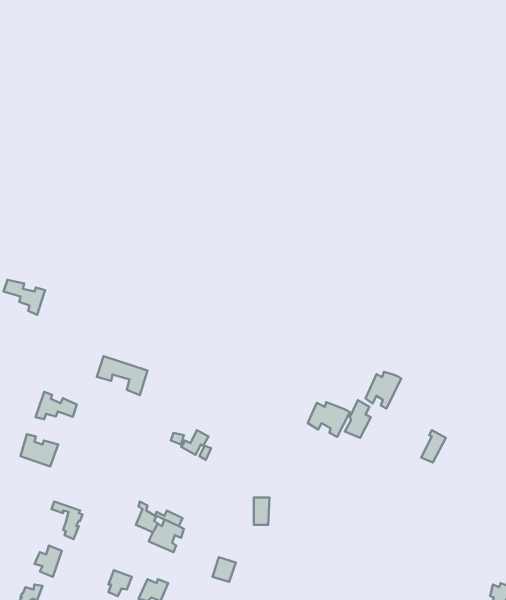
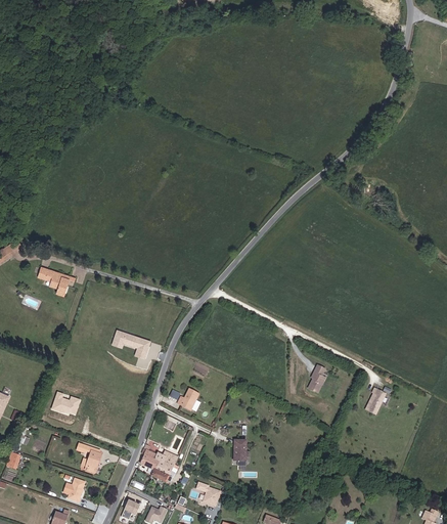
building: [366,372,401,408] -> none
building: [35,392,77,419] -> none
building: [308,402,350,437] -> none

